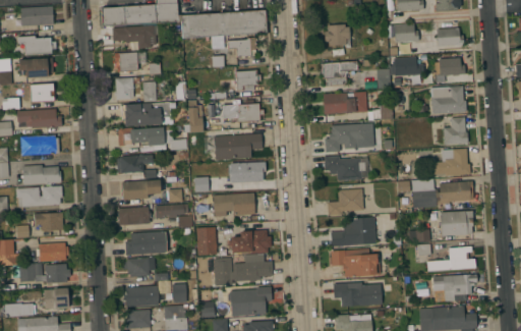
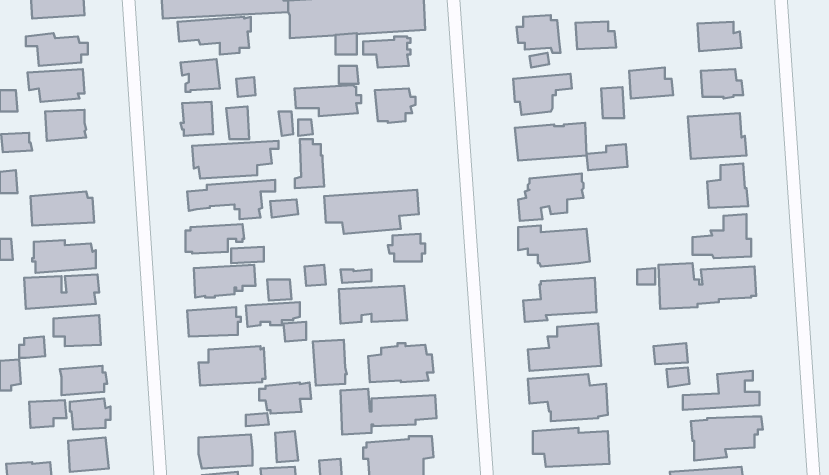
building: [394,25,419,43] -> [575,21,616,49]
building: [222,104,264,123] -> [294,85,361,116]
building: [17,109,62,128] -> none
building: [440,211,473,236] -> none
building: [123,258,156,277] -> [259,382,311,413]

